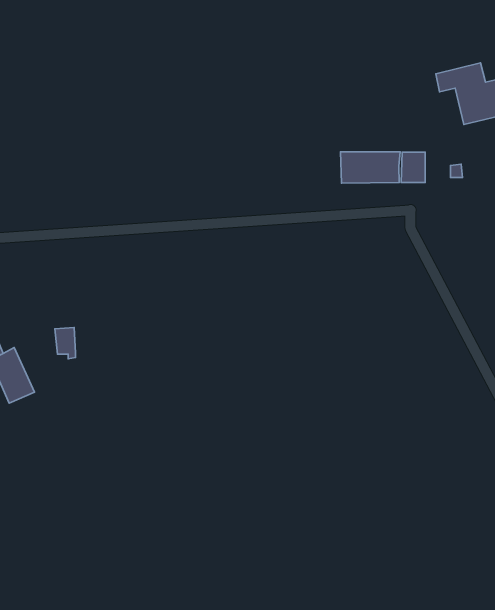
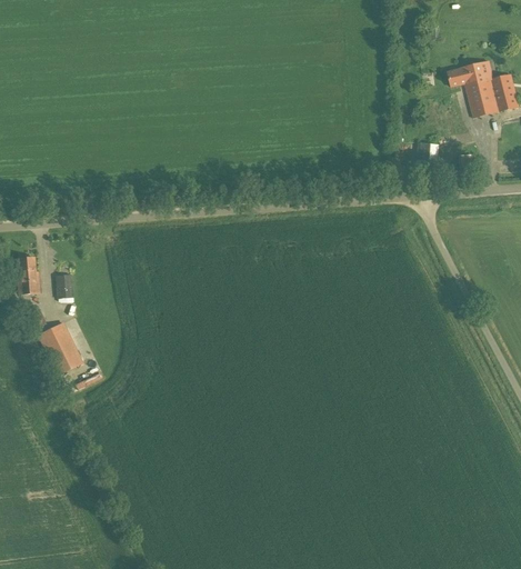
building: [341,152,400,183] -> none
building: [55,328,75,359] -> [54,274,73,303]

